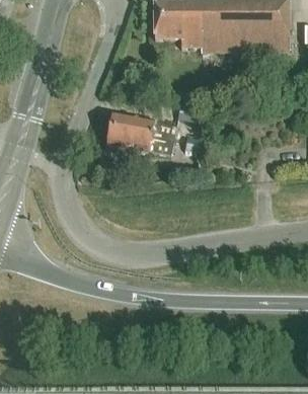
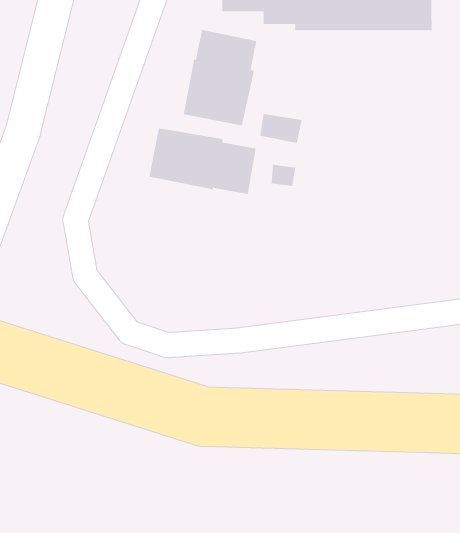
building: none -> [183,29,257,126]

